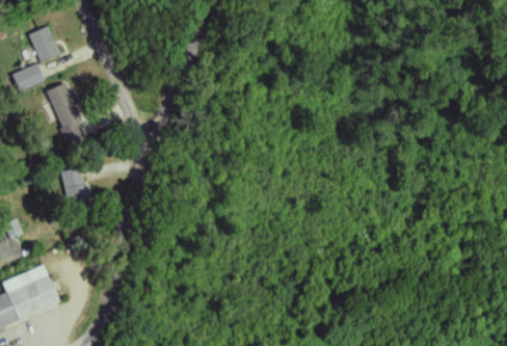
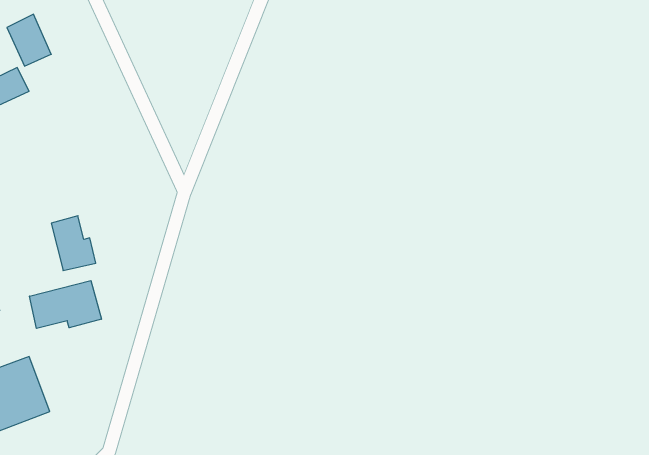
building: [47,83,85,138] -> none
building: none -> [30,281,101,328]

